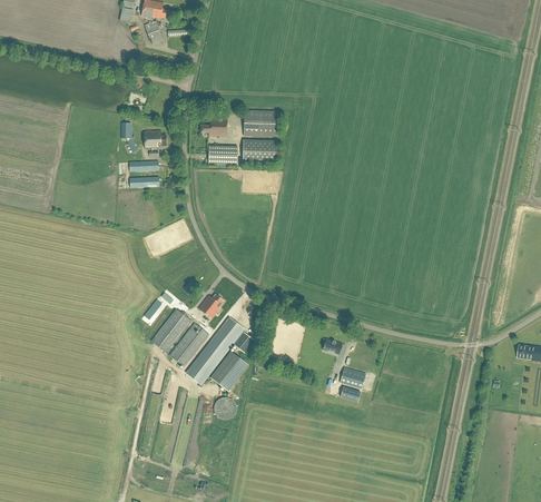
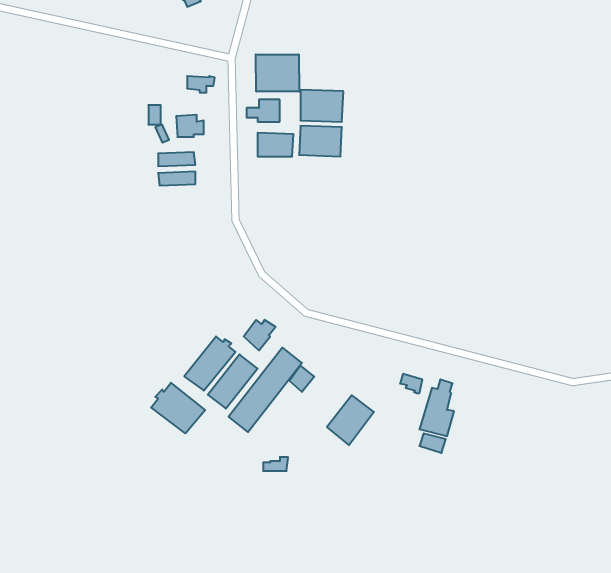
building: none -> [256,54,299,92]
building: none -> [151,383,205,433]
building: [212,351,249,391] -> [327,395,374,445]

